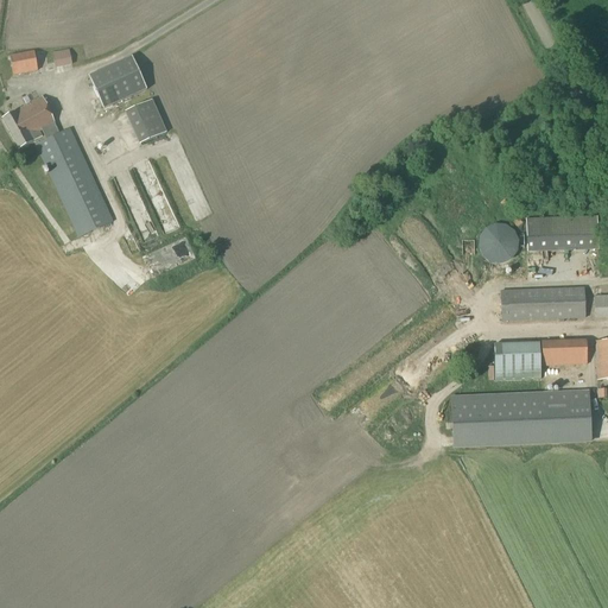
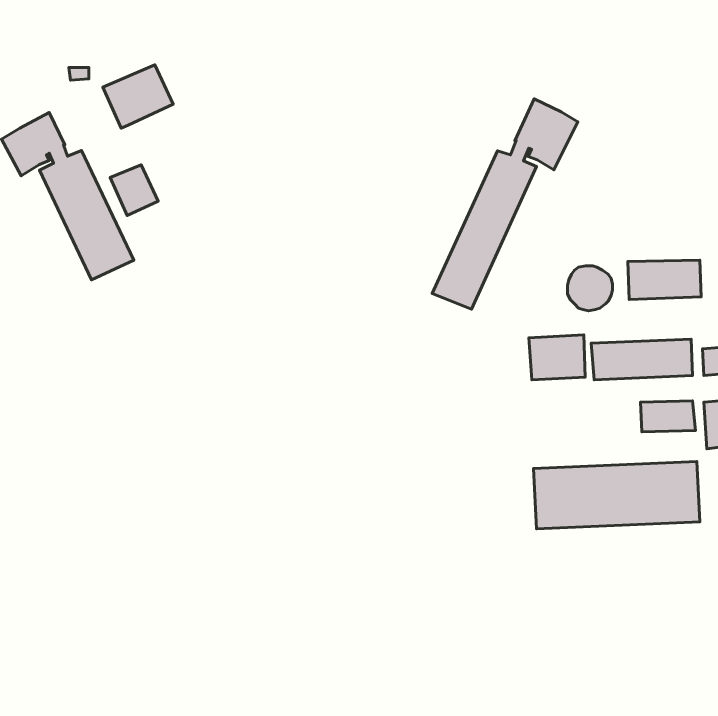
building: [10,50,38,74] -> none
building: none -> [432,99,578,309]
building: [126,100,166,142] -> [110,165,158,215]
building: [493,340,540,378] -> [529,335,585,380]

